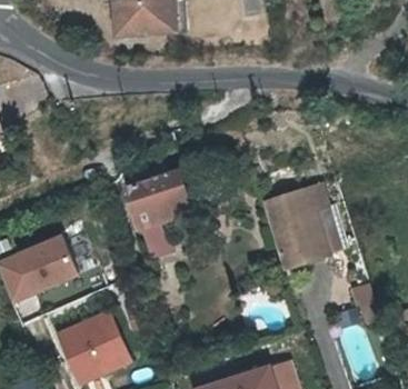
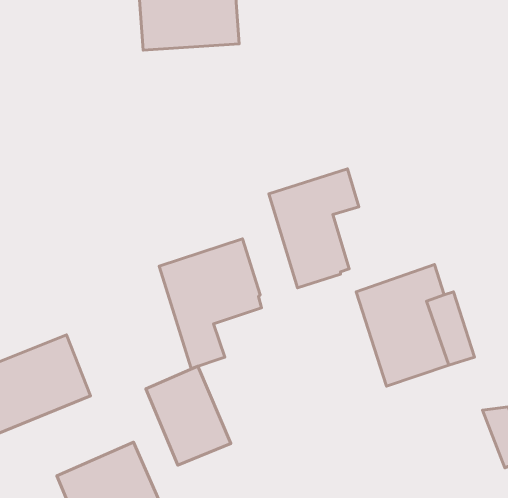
building: none -> [269,169,359,288]
building: none -> [146,366,231,465]

